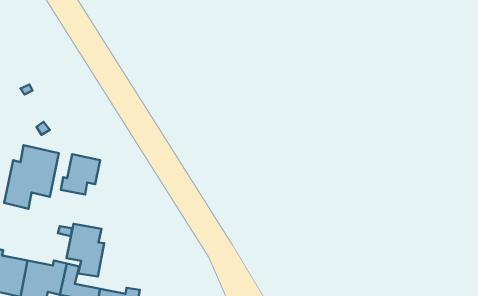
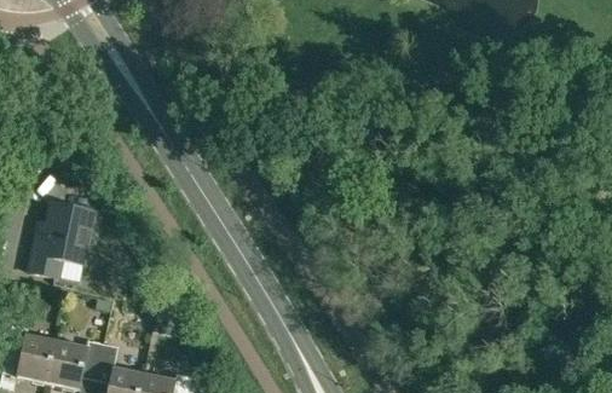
building: [61,154,100,194] -> none
building: [67,224,104,277] -> none

